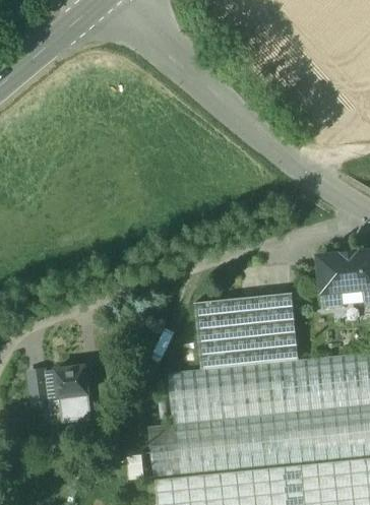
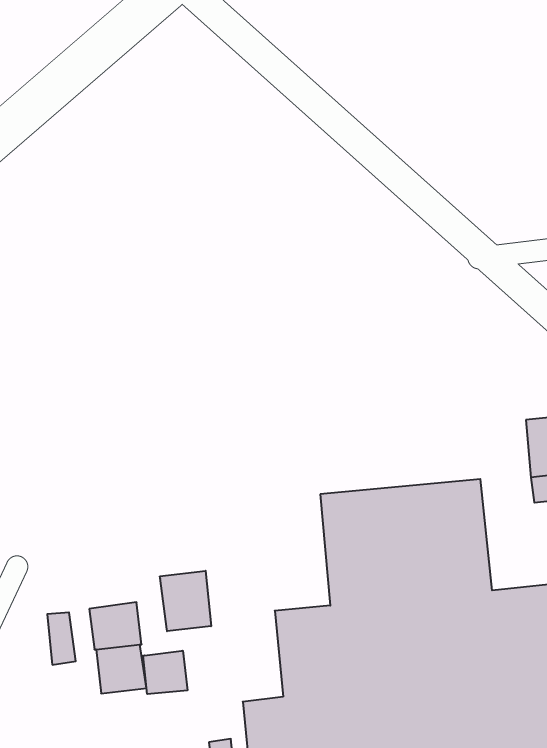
building: none -> [160,571,211,631]
building: none -> [143,651,187,694]

